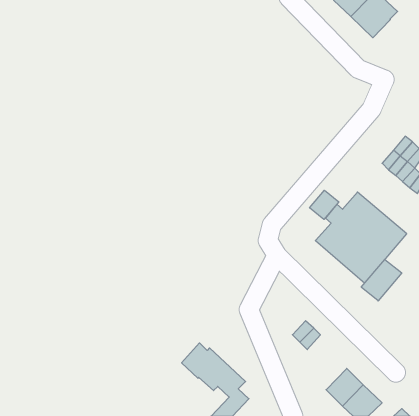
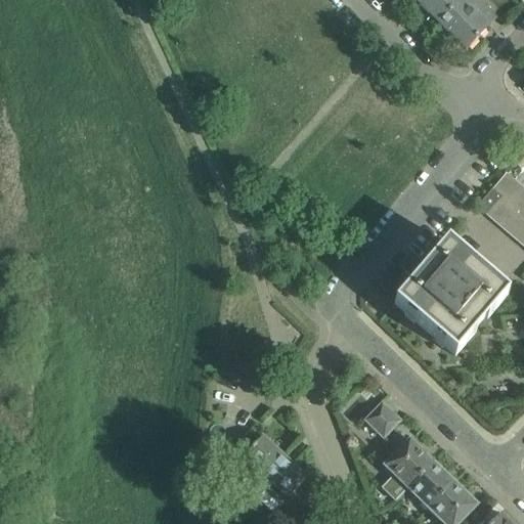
building: [310,190,339,219] -> none
building: [361,259,402,301] -> none
building: none -> [379,437,433,497]

